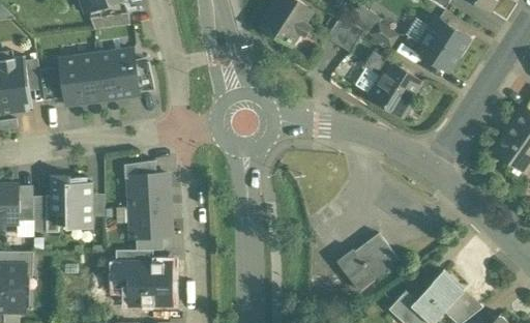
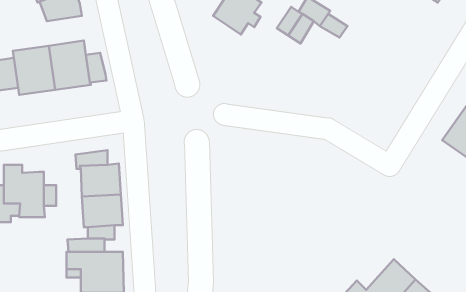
building: [417,19,469,72] -> none
building: [364,52,420,117] -> none
building: [336,232,398,290] -> none

